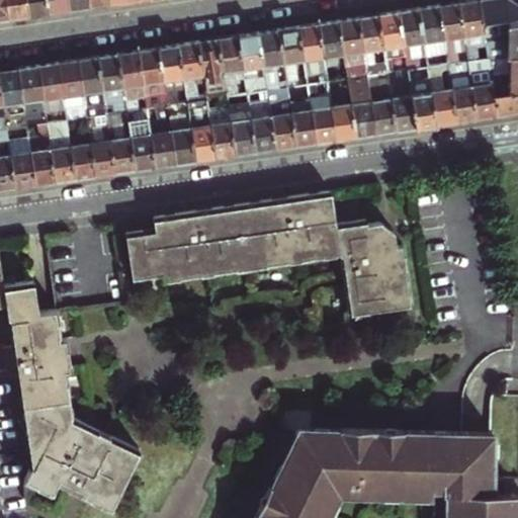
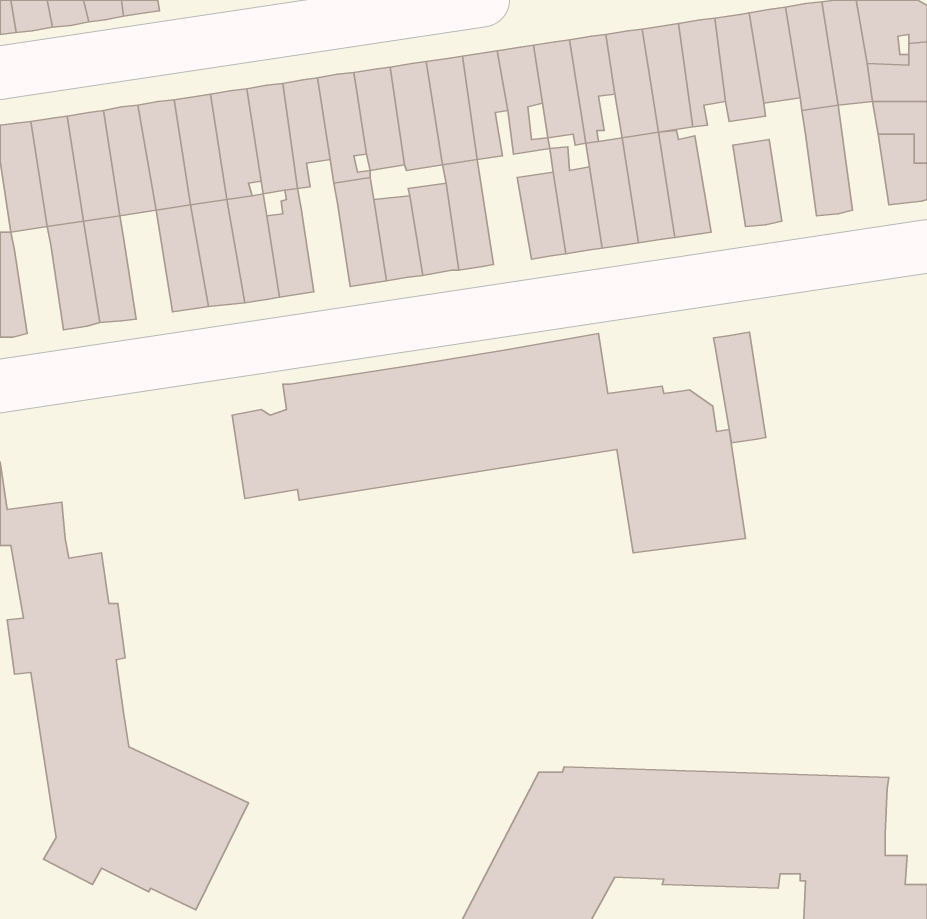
building: [467,61,496,121] -> none
building: [386,72,416,134] -> [713,332,766,443]
building: [429,79,455,127] -> none
building: [266,90,296,152] -> none
building: [168,117,195,167] -> none
building: [69,121,96,182] -> none
building: [8,141,35,190] -> none

